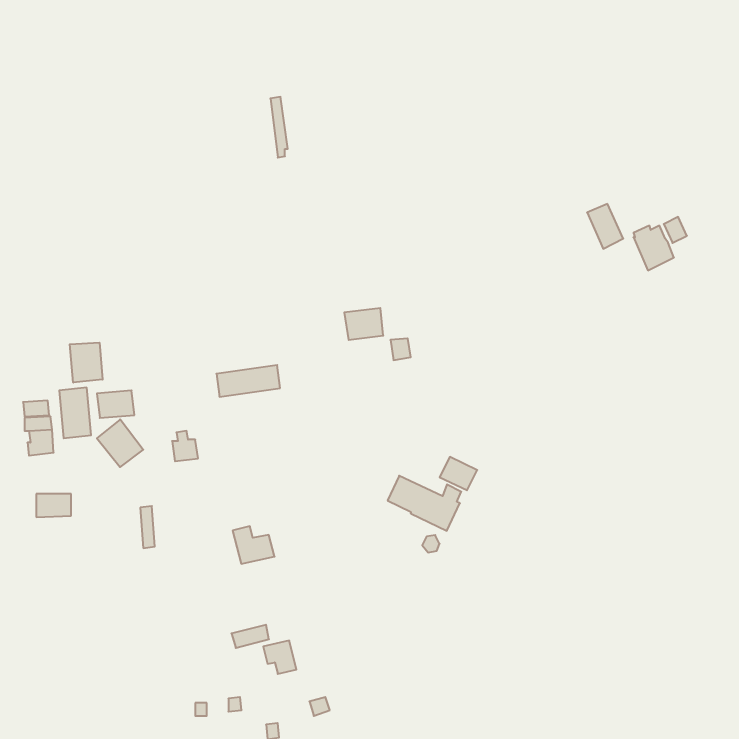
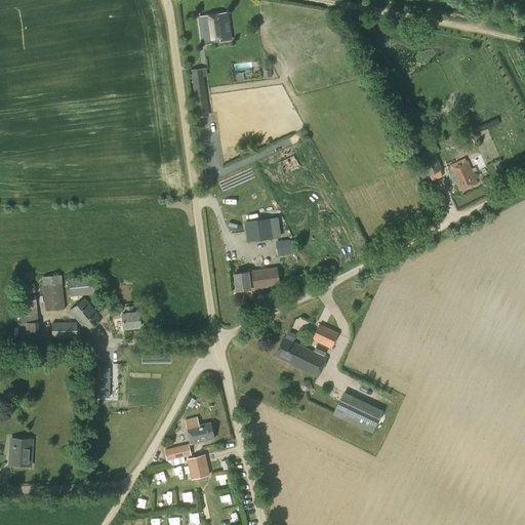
building: none -> [198,12,232,44]
building: [70,343,103,383] -> none
building: [216,365,280,397] -> [234,268,279,290]
building: [36,494,71,517] -> [52,322,77,338]
building: [233,526,275,564] -> [185,416,214,443]
building: none -> [332,393,381,432]
building: none -> [9,439,32,465]

